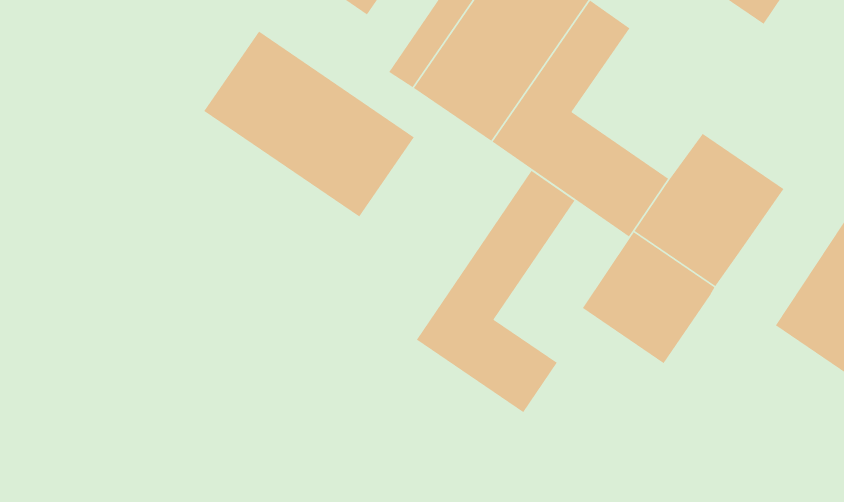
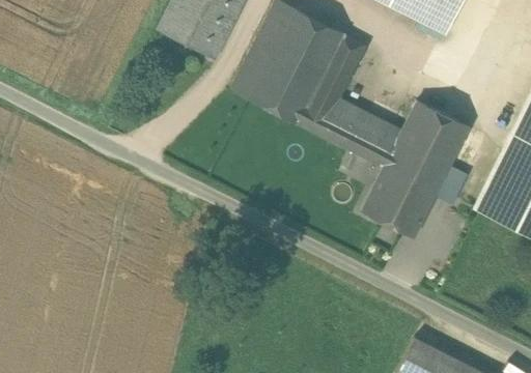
building: [203,31,415,218] -> none
building: [416,170,575,413] -> none
building: none -> [437,168,468,204]

